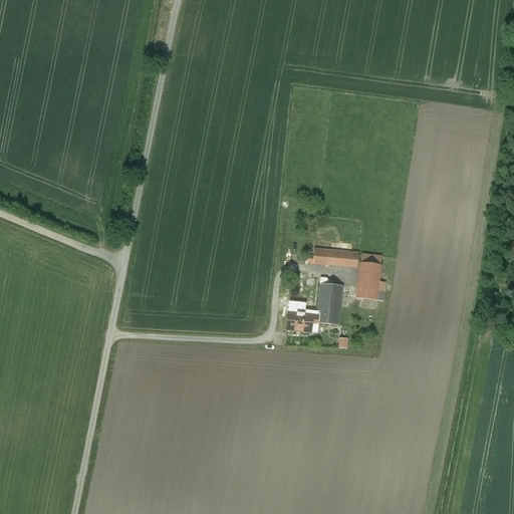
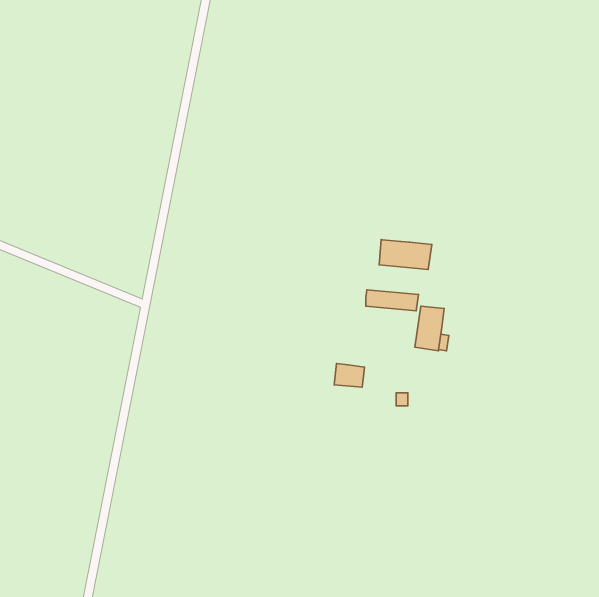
building: none -> [379,240,432,269]
building: [311,283,342,324] -> none

